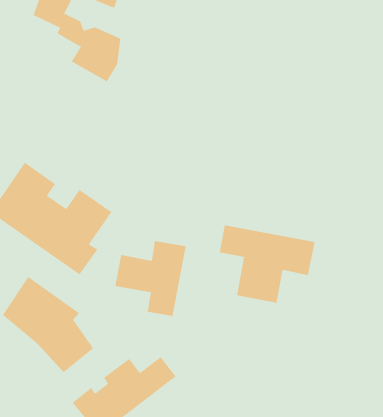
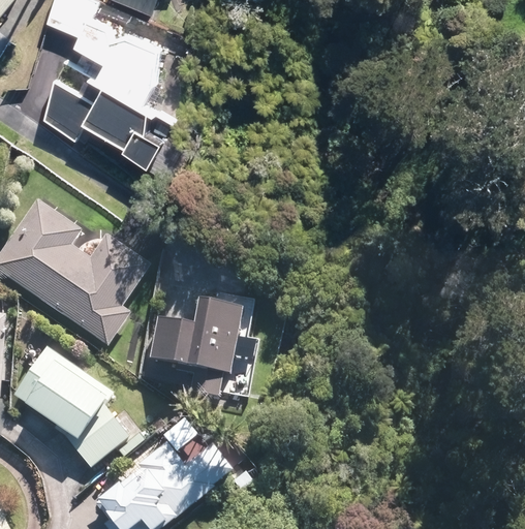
building: none -> [47,74,164,163]
building: [219,224,315,303] -> none

